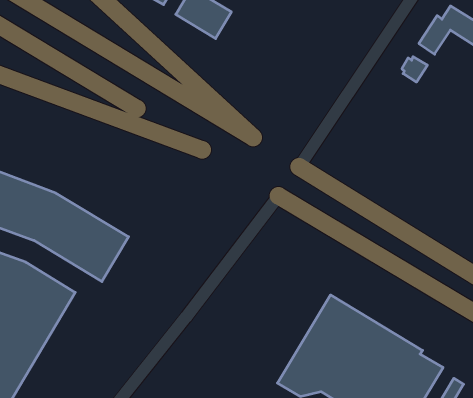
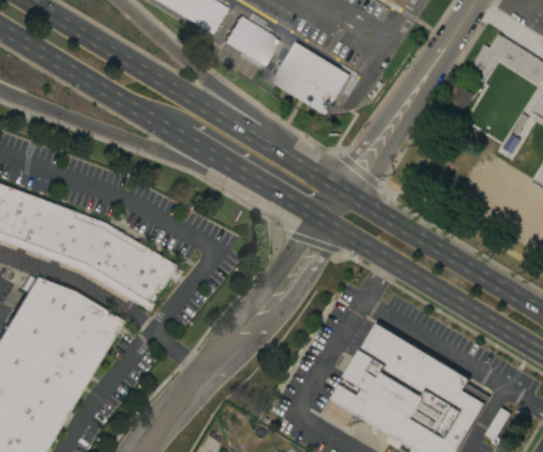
building: none -> [270,42,349,114]

